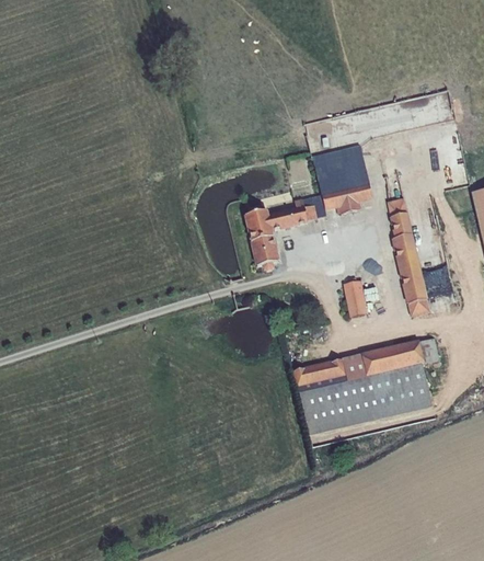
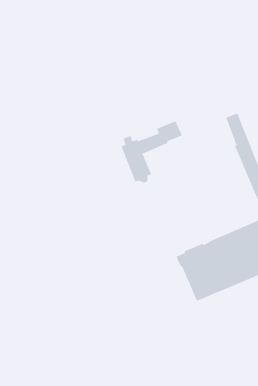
building: [312,144,372,214] -> none
building: [343,279,368,317] -> none

